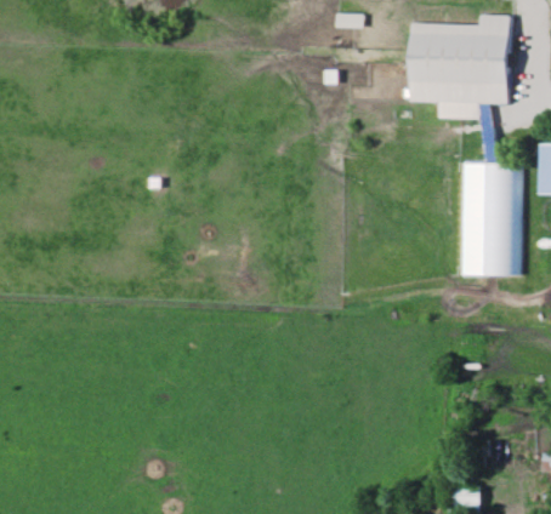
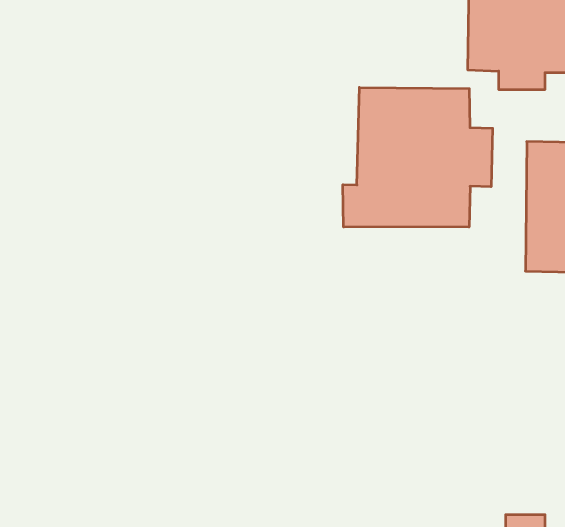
building: none -> [343,87,493,227]

